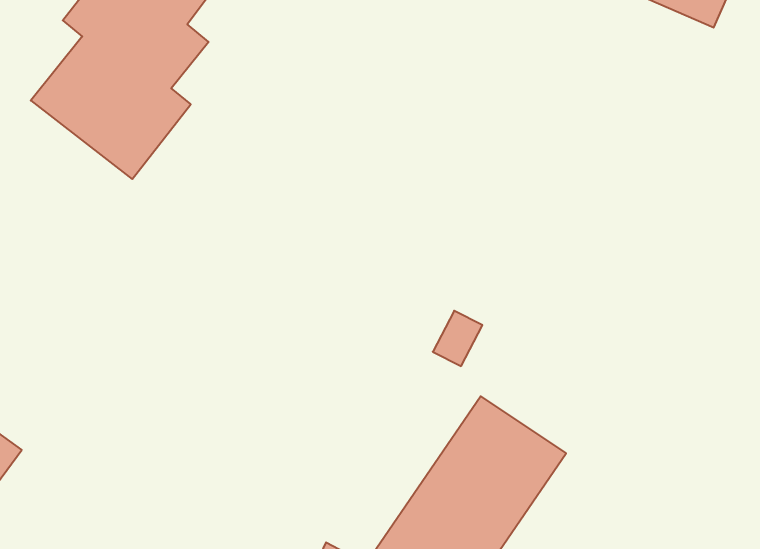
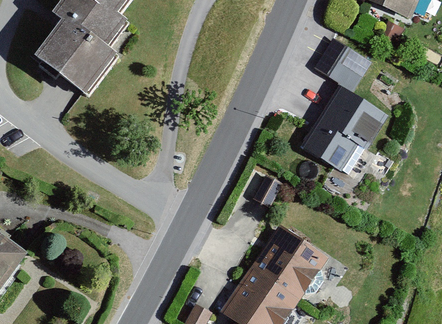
building: none -> [302,38,392,178]

